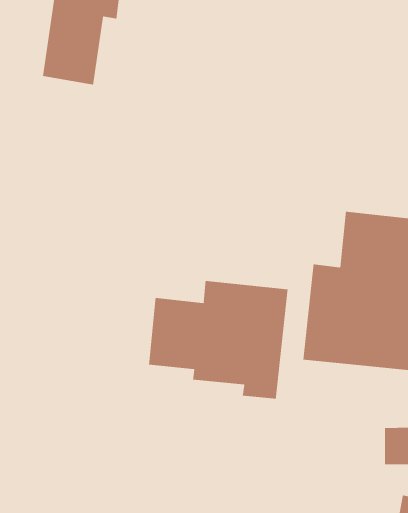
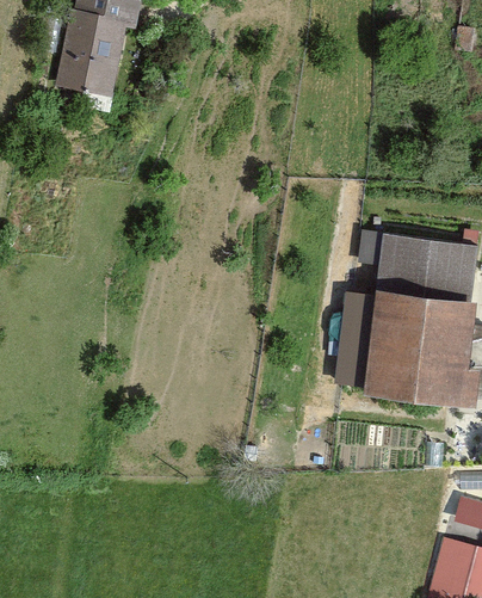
building: [148,280,288,399] -> none

